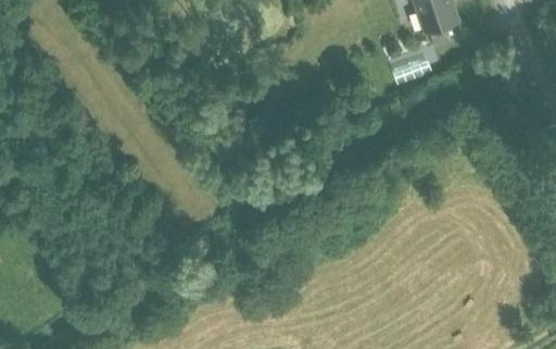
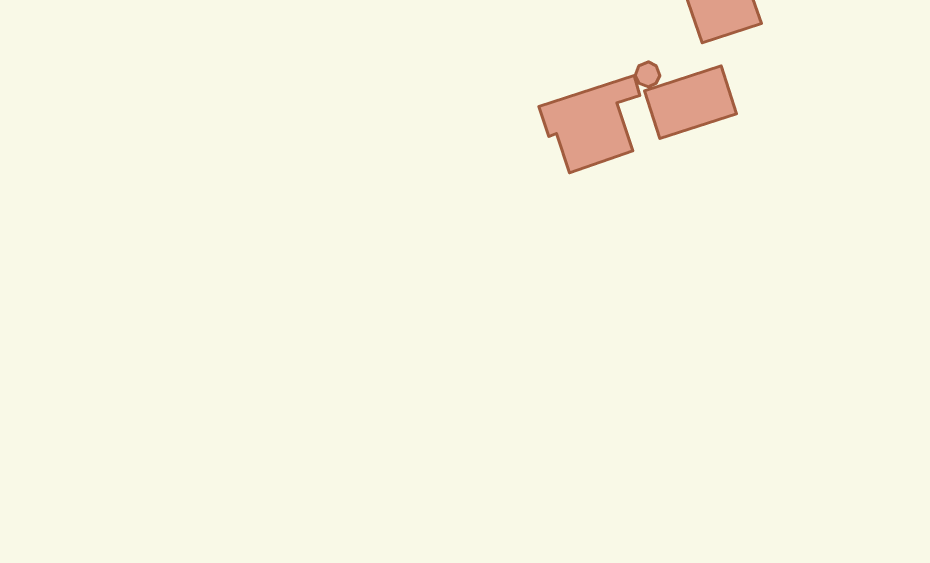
building: none -> [539,75,640,173]

